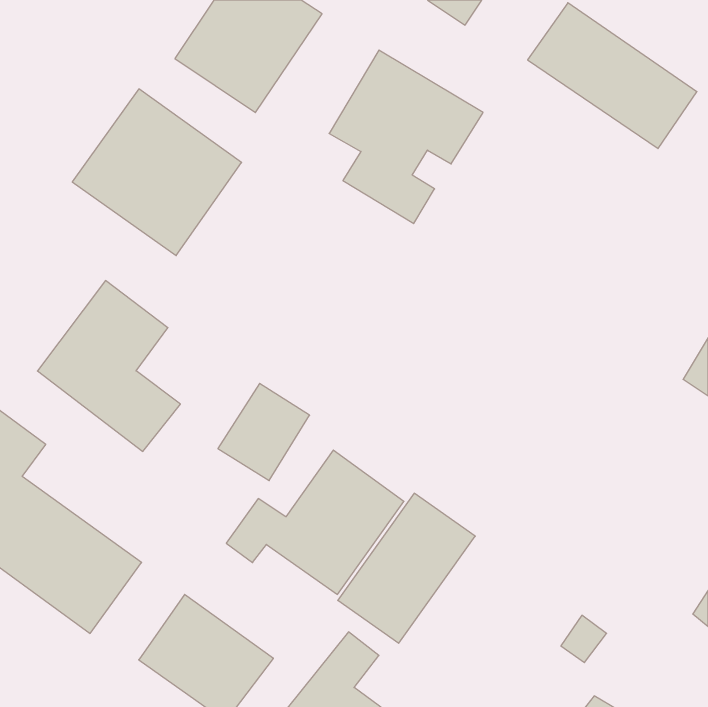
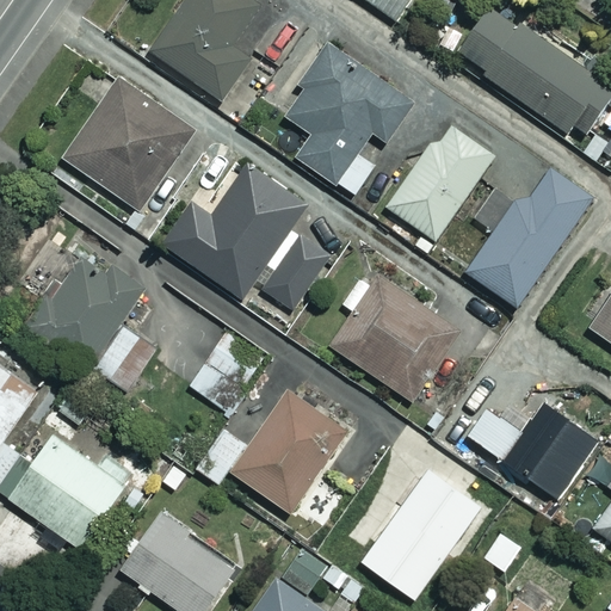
building: none -> [385,123,492,240]
building: none -> [160,165,331,311]
building: none -> [464,167,590,307]
building: none -> [329,274,458,401]
building: none -> [465,401,601,501]
building: [338,493,475,643] -> [360,469,479,598]

